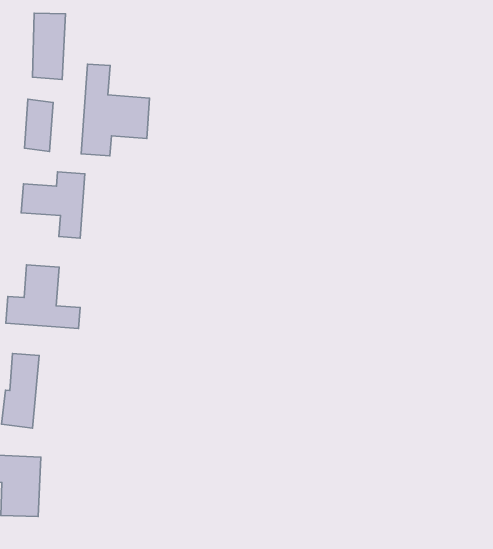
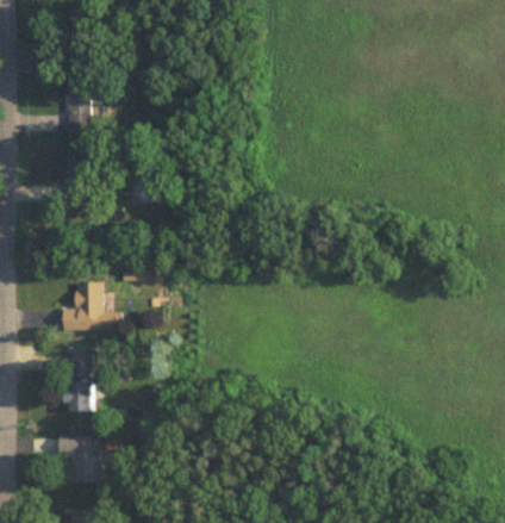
building: [81,64,150,156] -> none
building: [21,172,85,238] -> none

